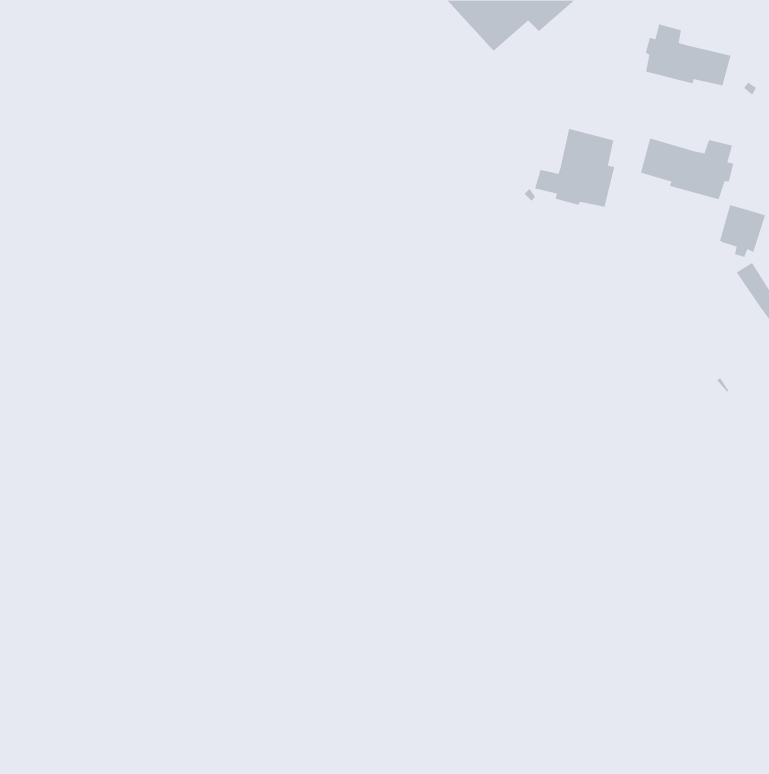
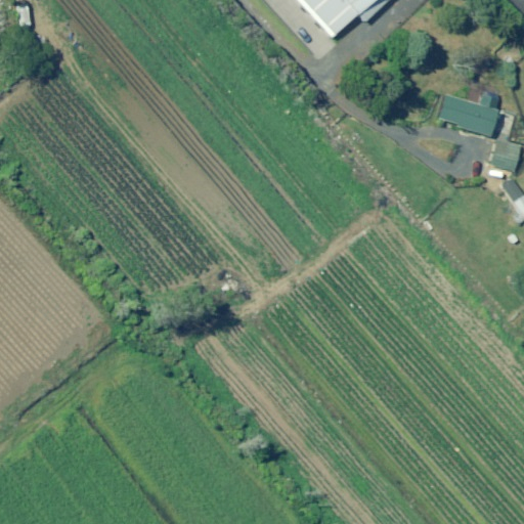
building: [645,24,731,86] -> none
building: [535,128,615,208] -> none

